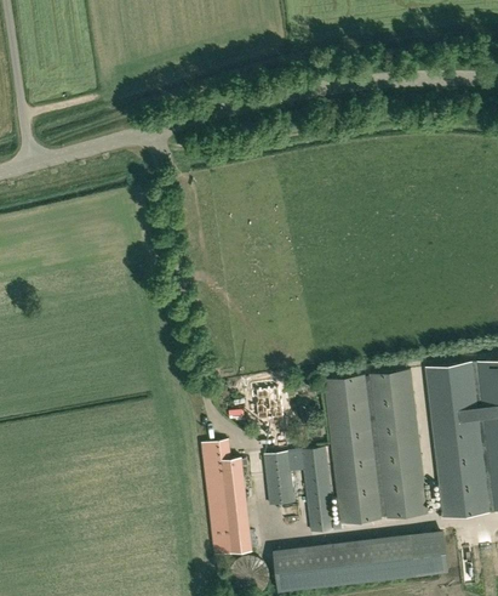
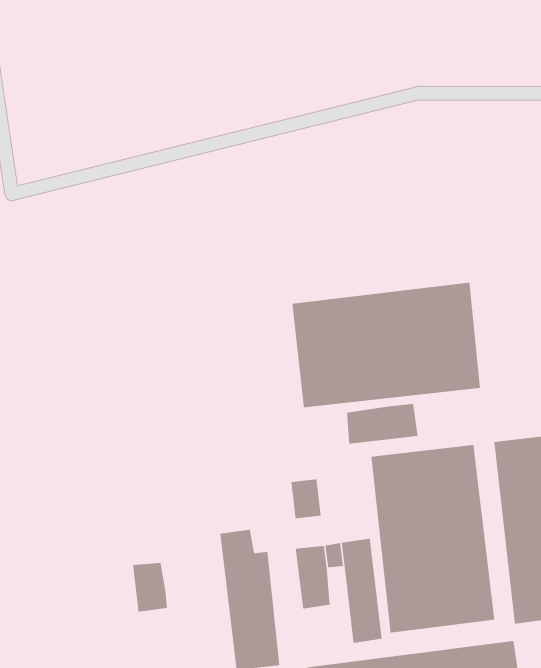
building: none -> [292,282,481,408]
building: none -> [346,403,418,444]
building: none -> [133,562,168,613]

